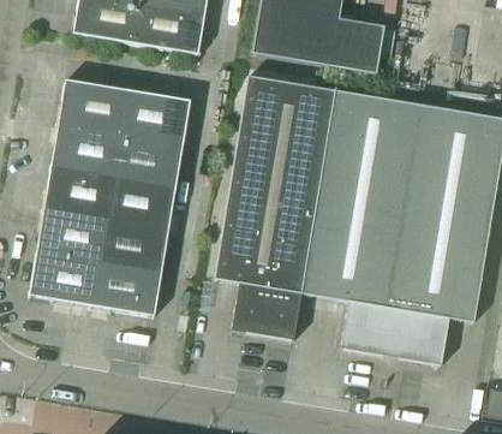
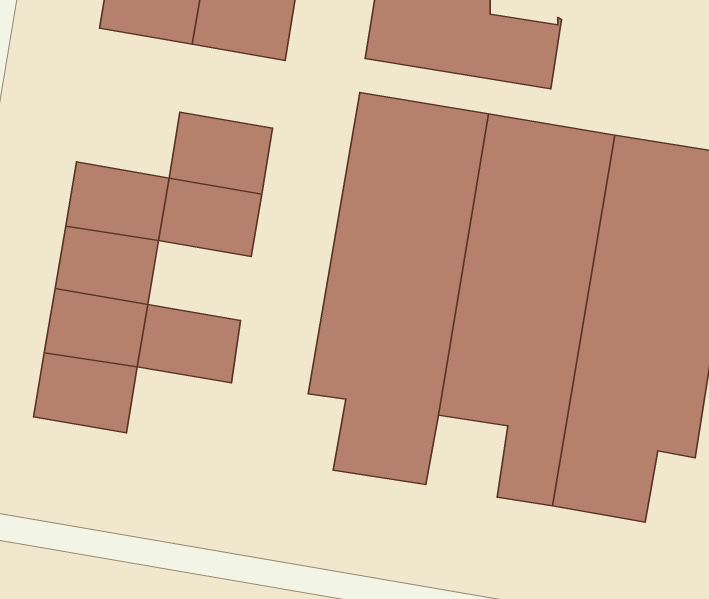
building: [59,79,129,133] -> none
building: [107,176,177,230] -> none
building: [92,261,163,316] -> none

